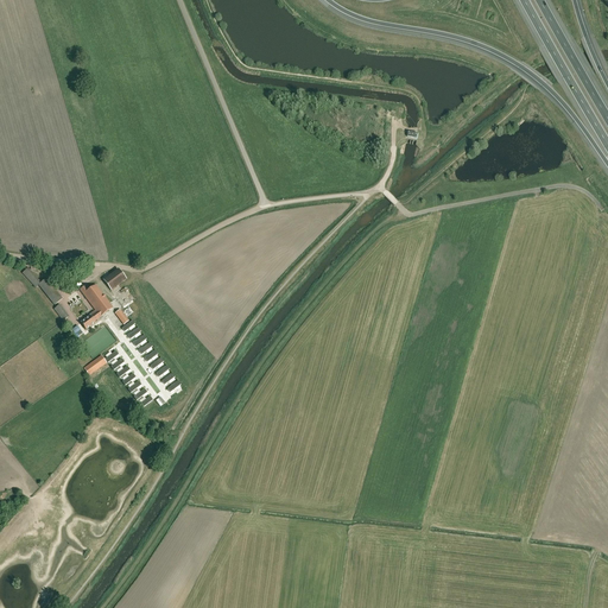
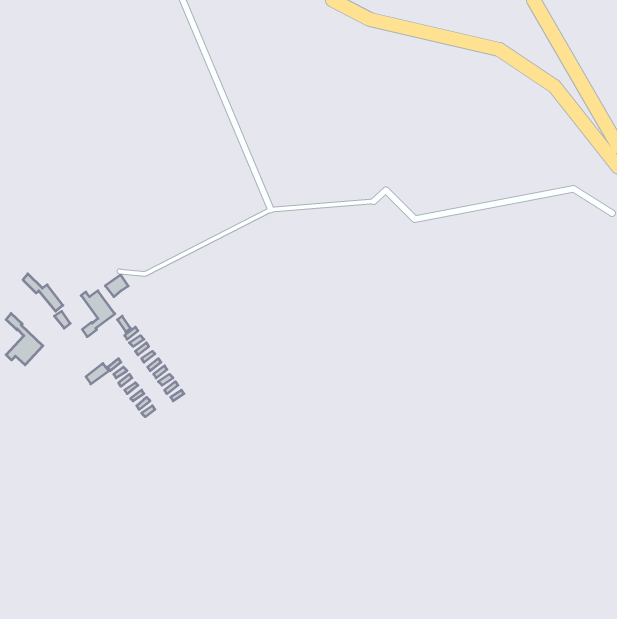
building: none -> [6,313,43,365]

